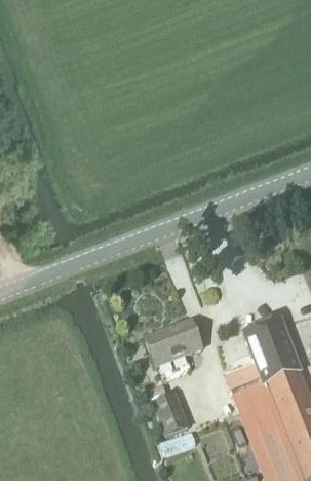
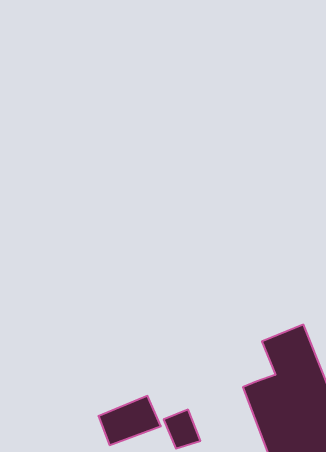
building: [145,319,202,364] -> [98,396,161,445]

